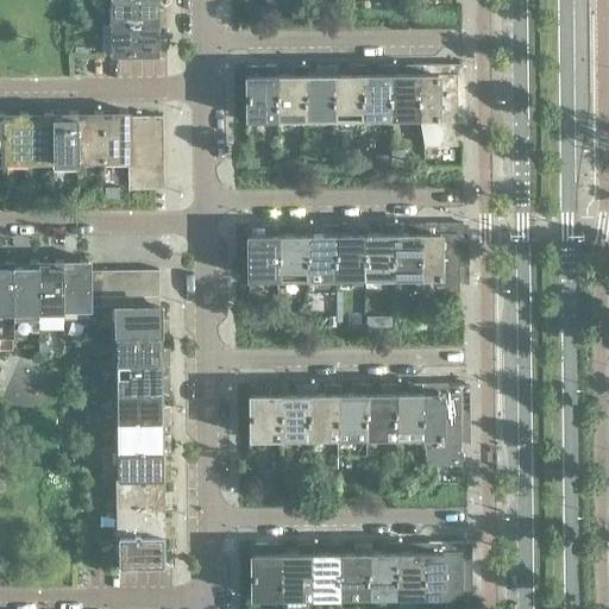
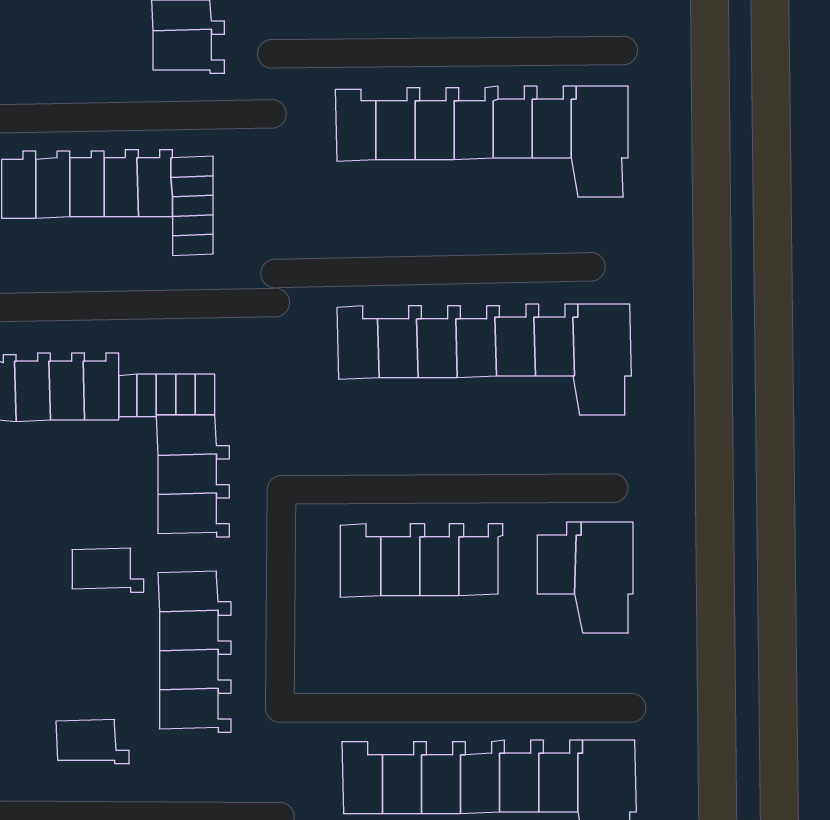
building: [364,390,396,442] -> none
building: [115,397,168,429] -> [72,548,144,592]
building: [117,540,170,572] -> [56,720,129,764]

